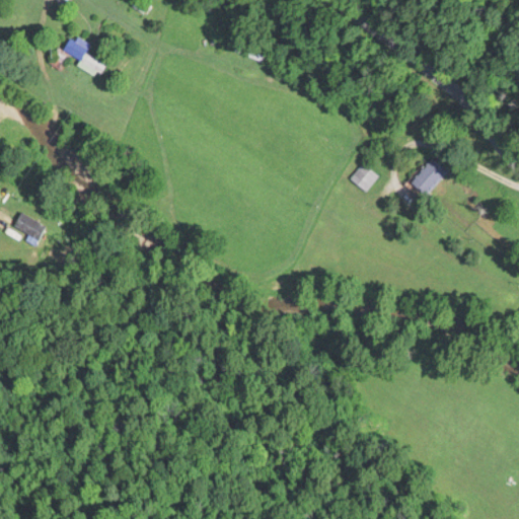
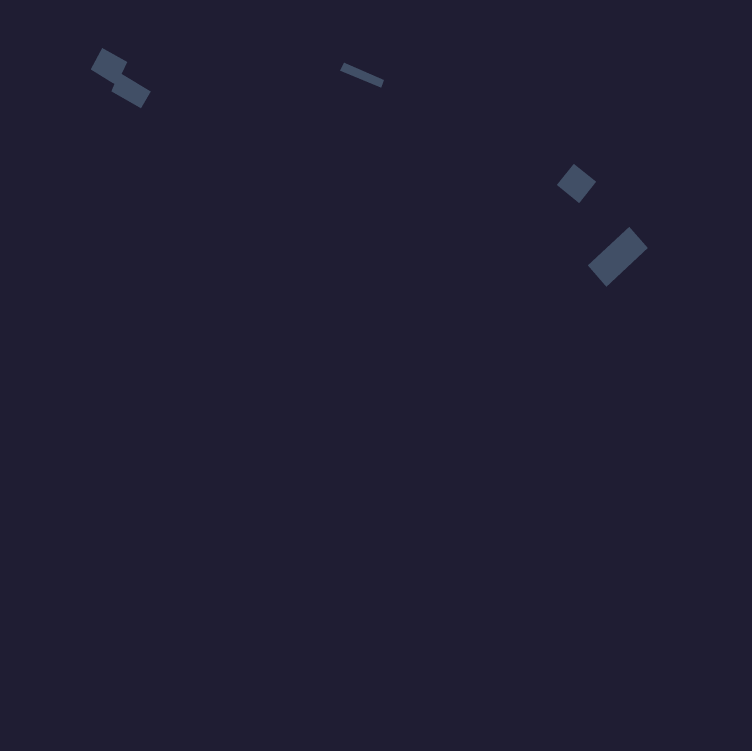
building: [350,163,378,192] -> [556,163,597,204]
building: [11,212,47,243] -> none

